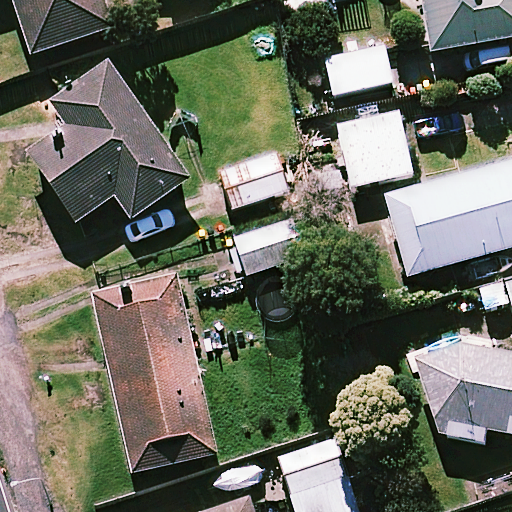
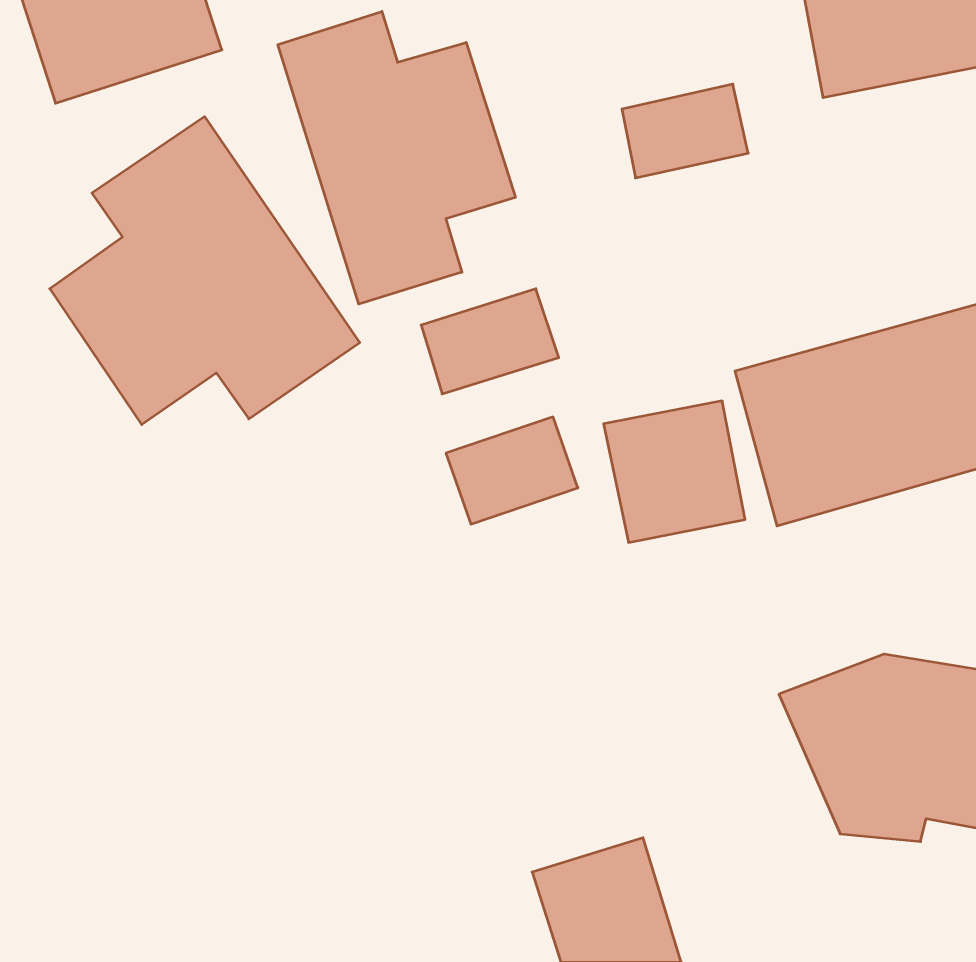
building: none -> [278,11,515,304]
building: [338,110,412,184] -> [604,401,745,542]
building: [93,277,214,472] -> none

